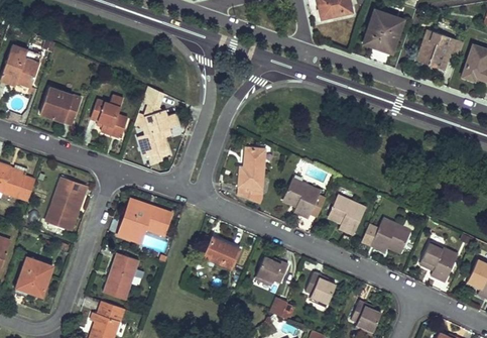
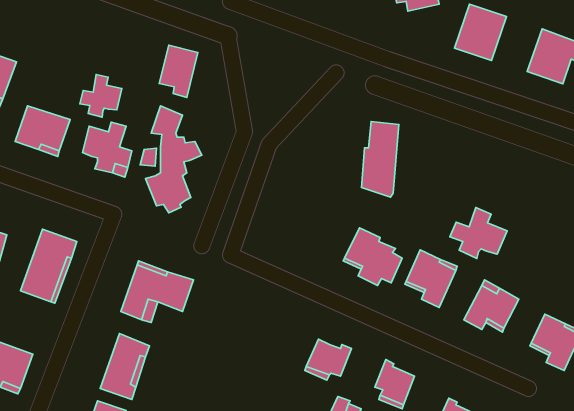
building: none -> [159,45,198,97]
building: none -> [80,75,122,117]
building: [239,145,266,201] -> [362,122,399,197]
building: none -> [450,208,507,258]
building: [203,237,238,268] -> none

